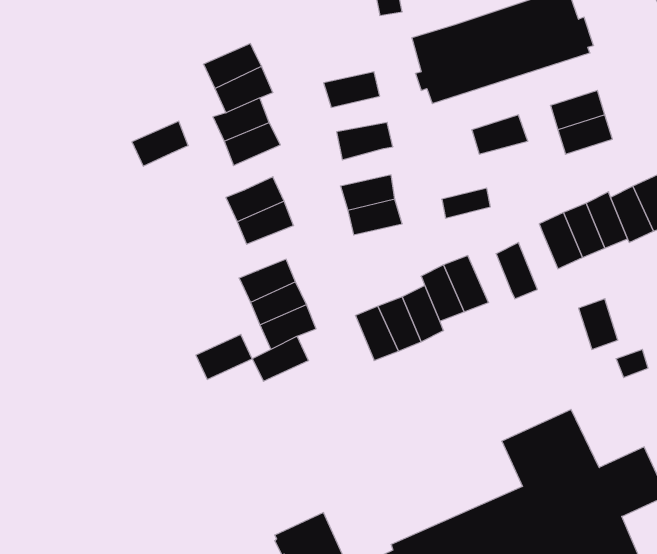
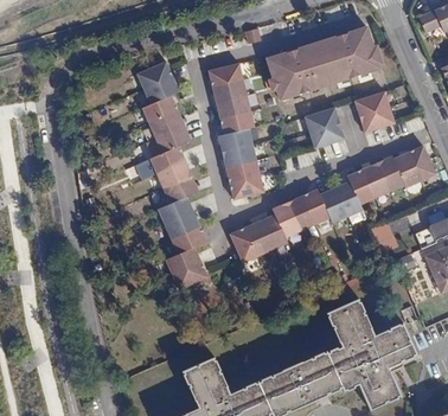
building: none -> [209,62,244,85]
building: none -> [217,94,252,116]
building: [132,121,188,166] -> [155,124,191,153]
building: none -> [311,122,345,147]
building: none -> [219,127,255,151]
building: none -> [231,174,264,198]
building: none -> [164,175,200,204]
building: none -> [335,180,363,216]
building: none -> [303,188,331,224]
building: [196,334,252,379] -> [174,261,210,289]

